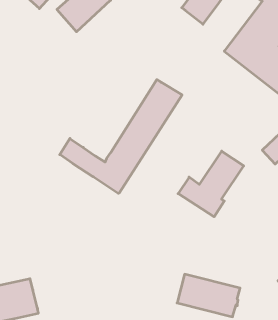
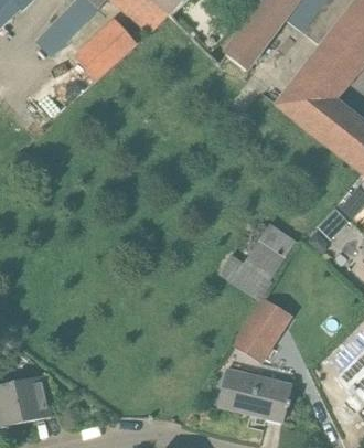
building: [60,80,182,193] -> none
building: none -> [233,298,292,363]

